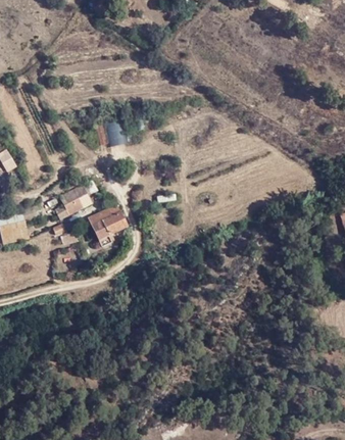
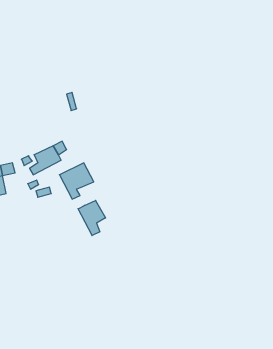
building: none -> [78,200,106,236]

